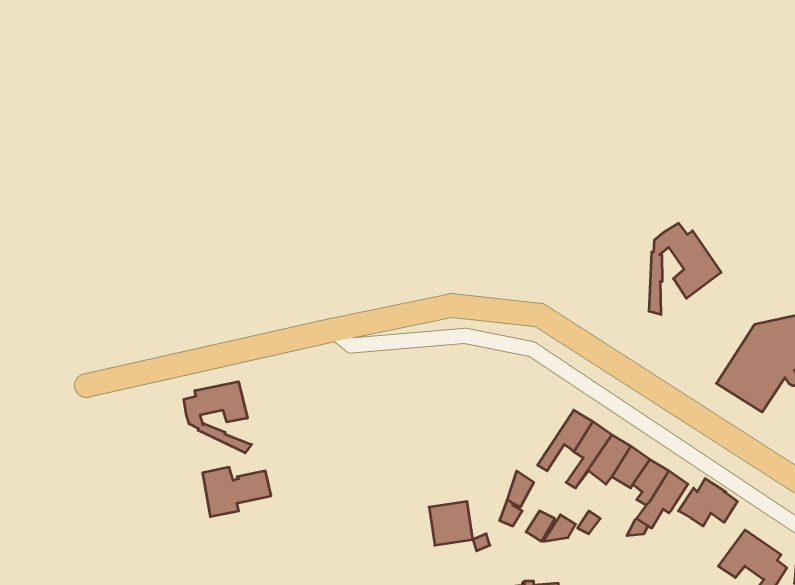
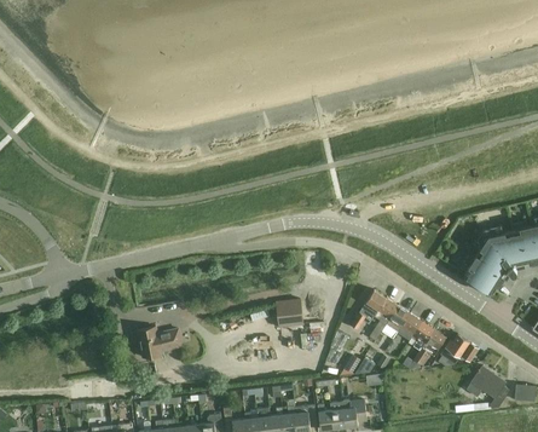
building: [649,223,721,315] -> none
building: [184,382,252,453] -> none
building: [429,501,473,545] -> [276,299,303,327]

